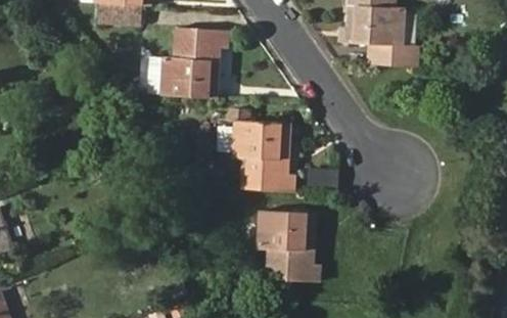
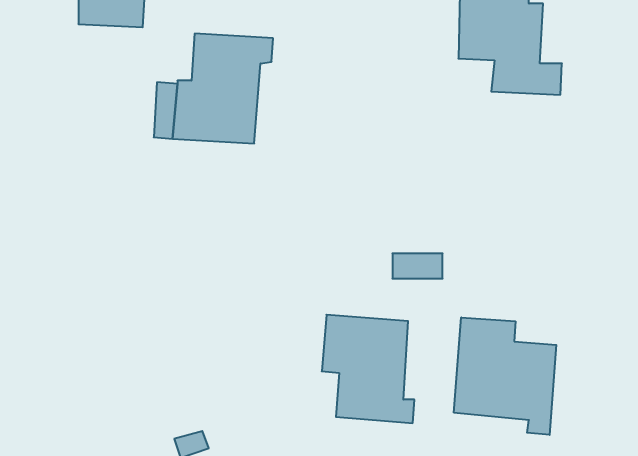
building: [234,121,295,191] -> none
building: none -> [454,317,556,435]

